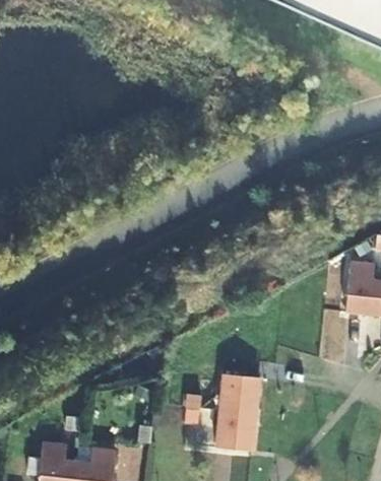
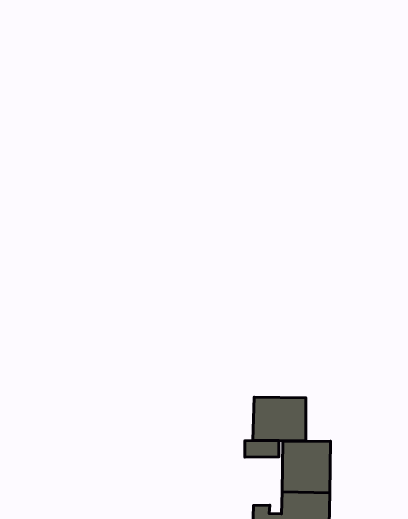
building: none -> [253,397,306,441]

